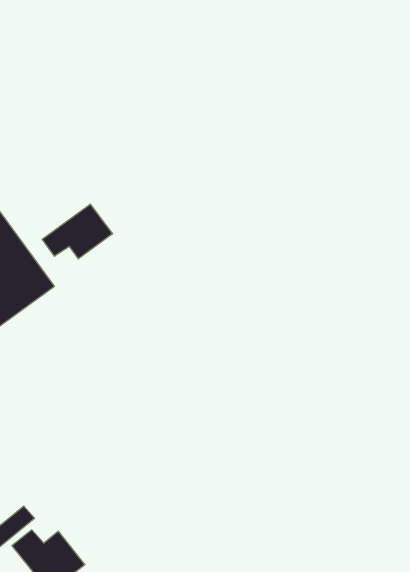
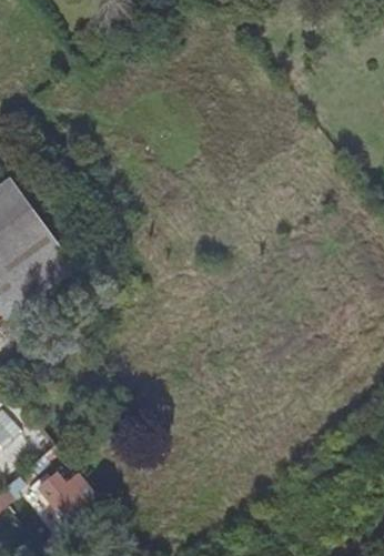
building: [42,204,113,259] -> none

